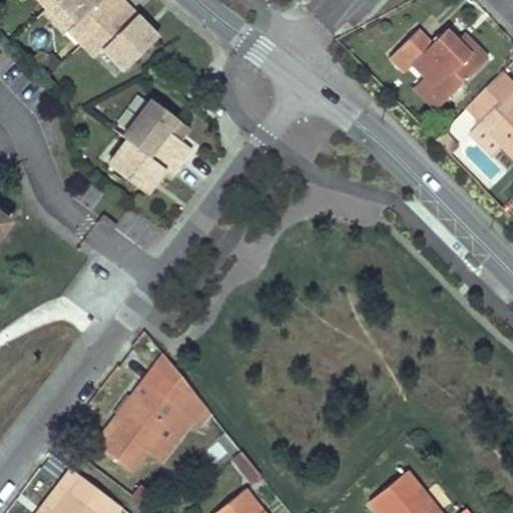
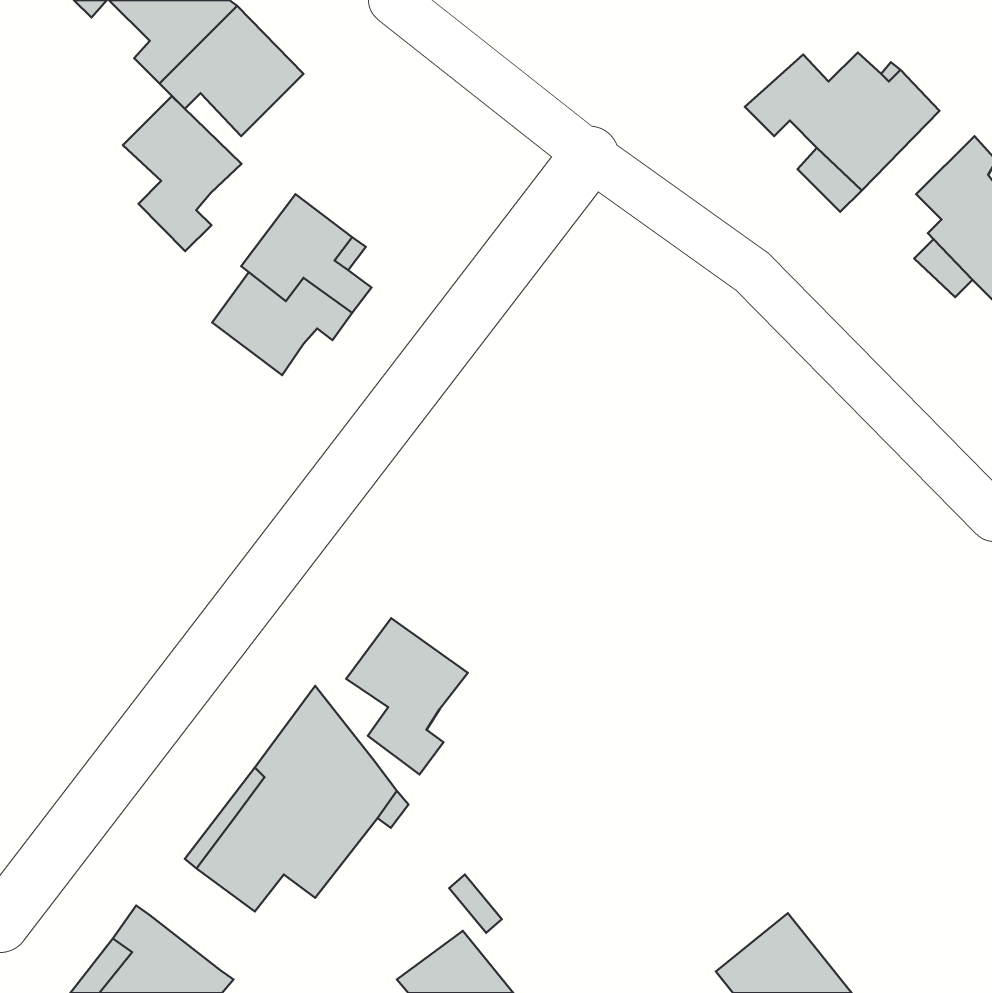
building: none -> [123,96,241,251]
building: none -> [346,618,468,774]

